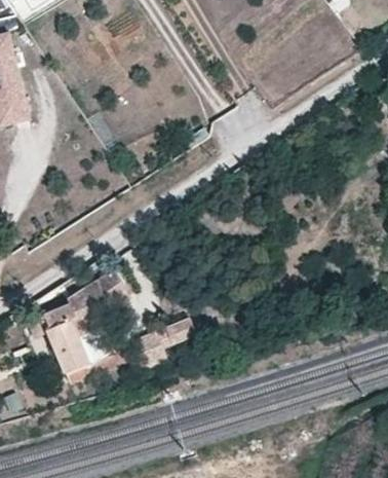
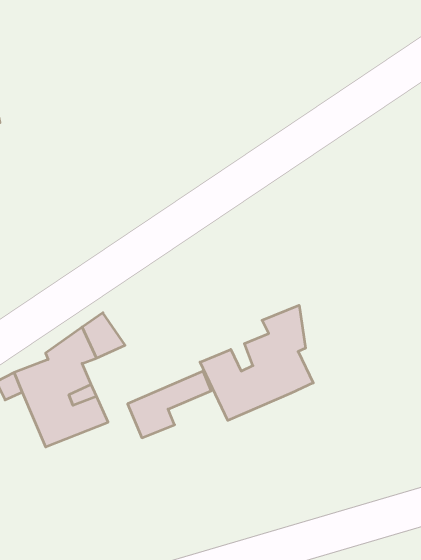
building: none -> [200,305,313,420]

